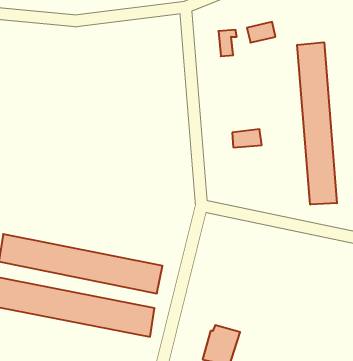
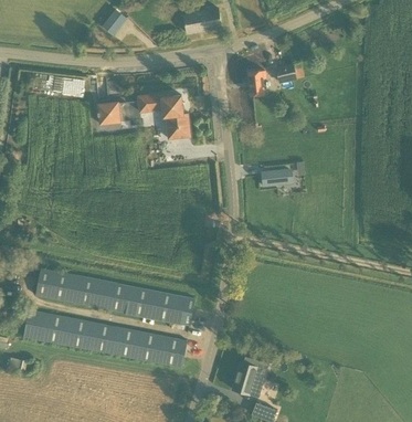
building: [297,42,337,205] -> none
building: none -> [98,93,191,139]

